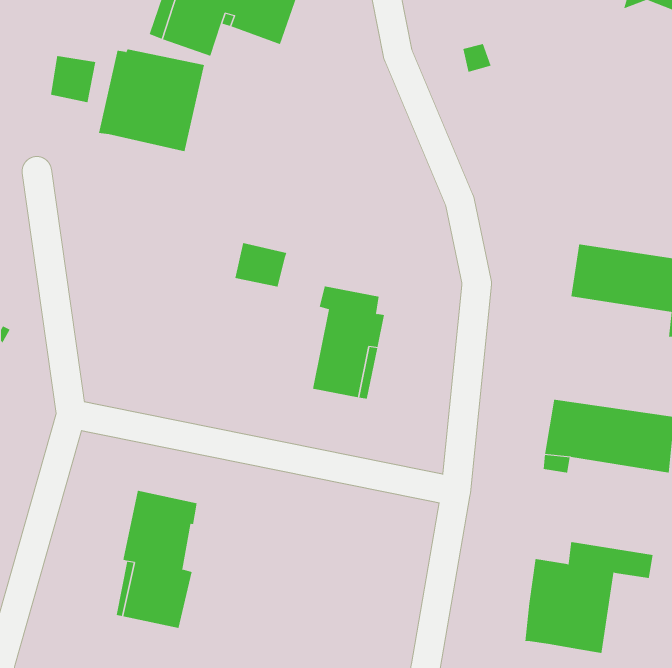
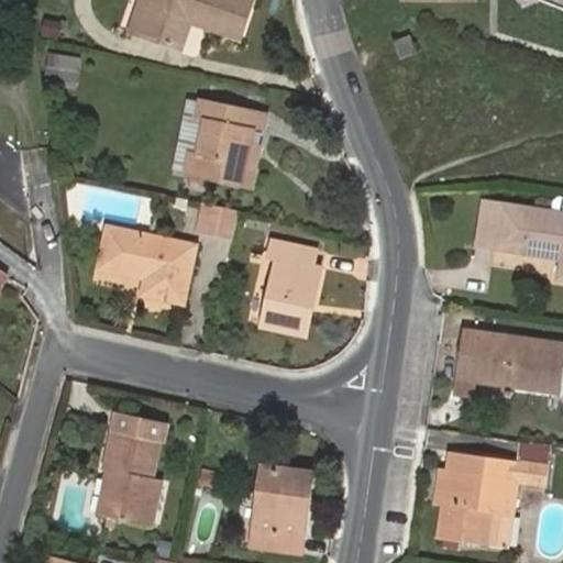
building: [98,49,205,152] -> [172,100,261,186]
building: none -> [99,225,195,301]
building: none -> [251,462,311,547]

